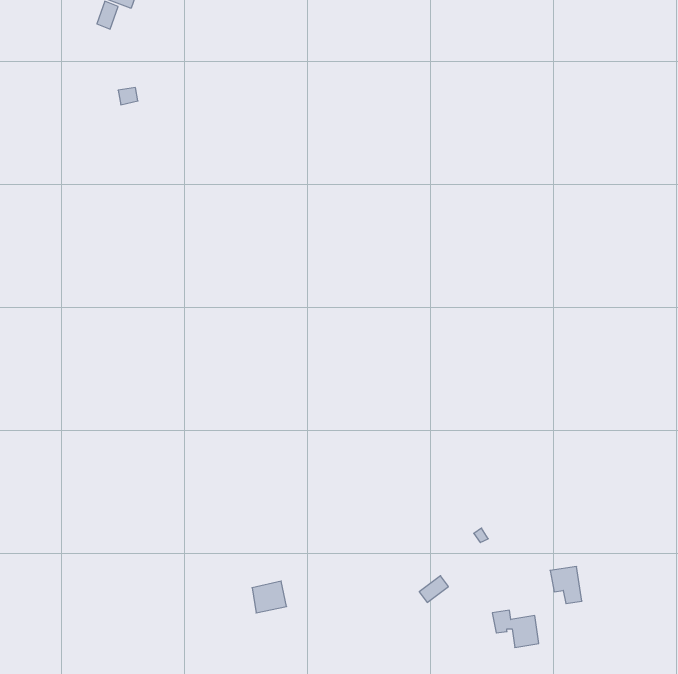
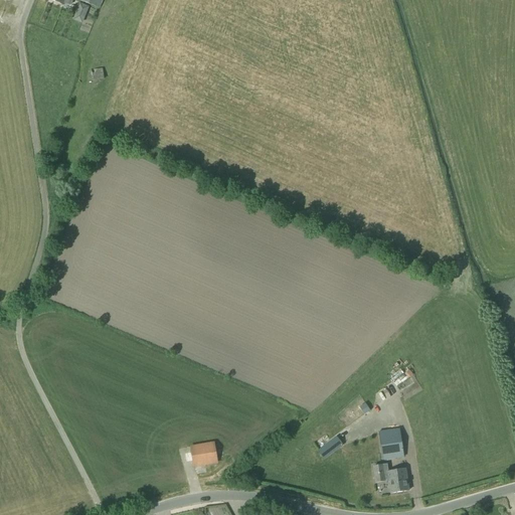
building: [550,567,582,604] -> [379,428,403,457]

